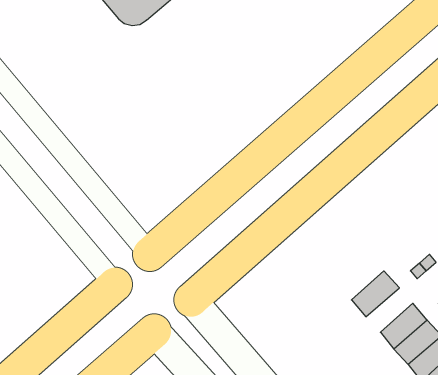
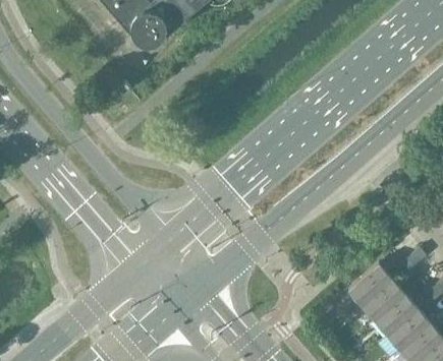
building: none -> [362,281,404,321]

